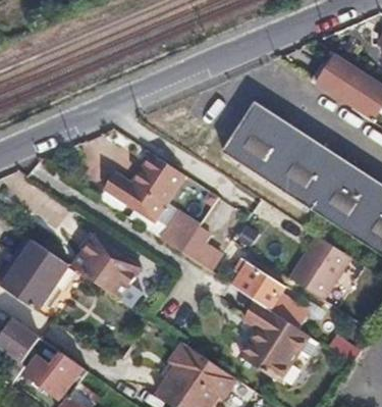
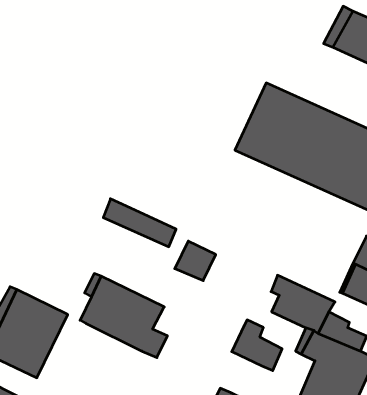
building: [135,159,186,208] -> none
building: [181,230,222,273] -> [232,320,282,371]

